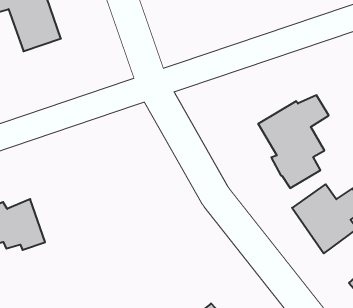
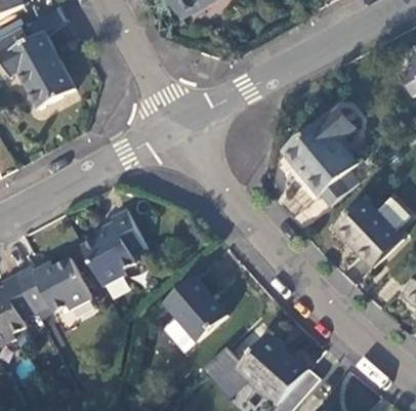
building: none -> [77,205,145,288]
building: none -> [161,276,226,340]

